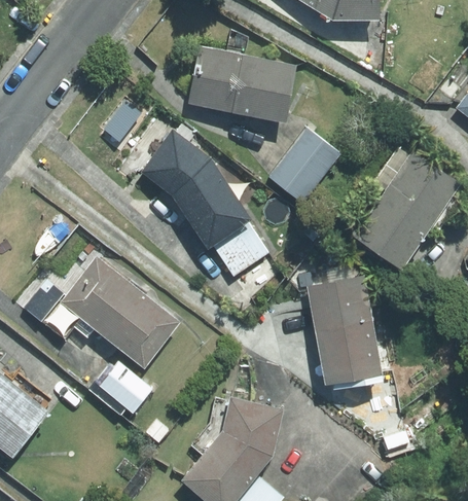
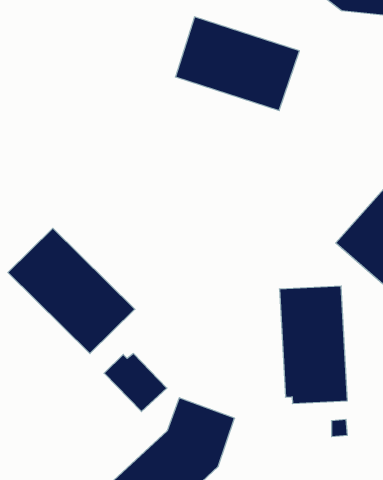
building: [139,129,265,275] -> none
building: [267,129,339,204] -> none
building: [94,361,153,414] -> [104,354,167,412]

